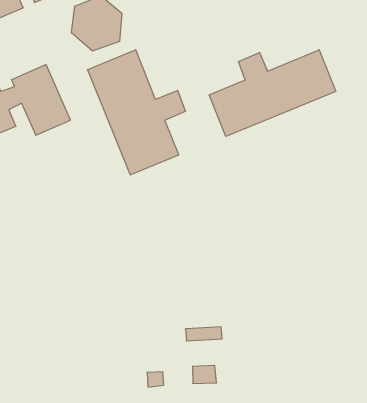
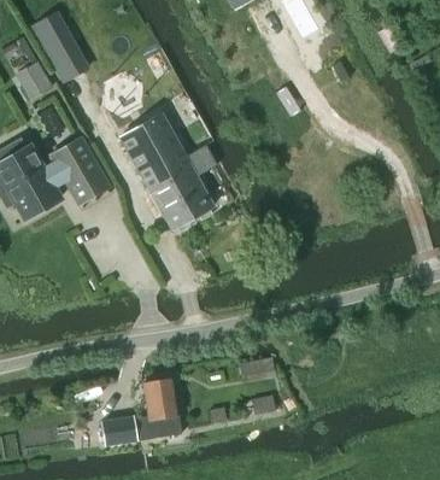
building: [209,50,336,136] -> none
building: none -> [105,377,182,444]

